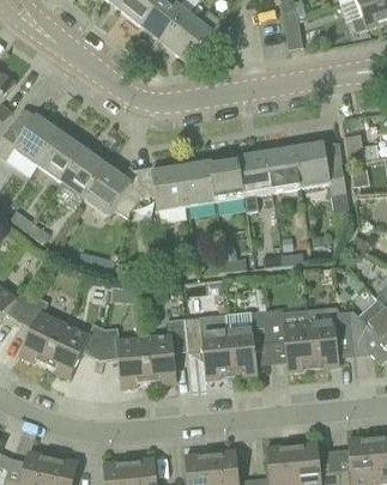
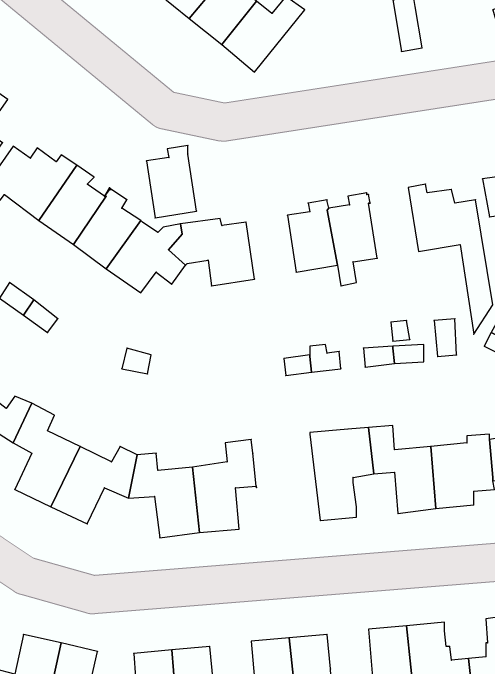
building: [264,143,300,192] -> none
building: [180,156,214,206] -> [146,145,197,218]
building: [185,314,231,376] -> none

